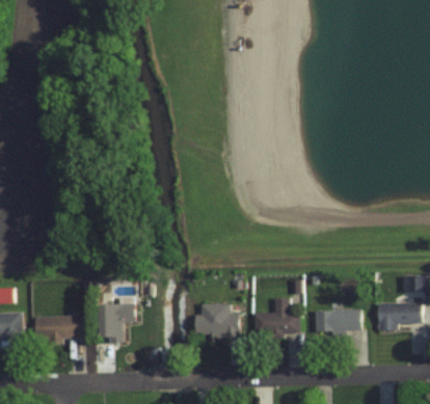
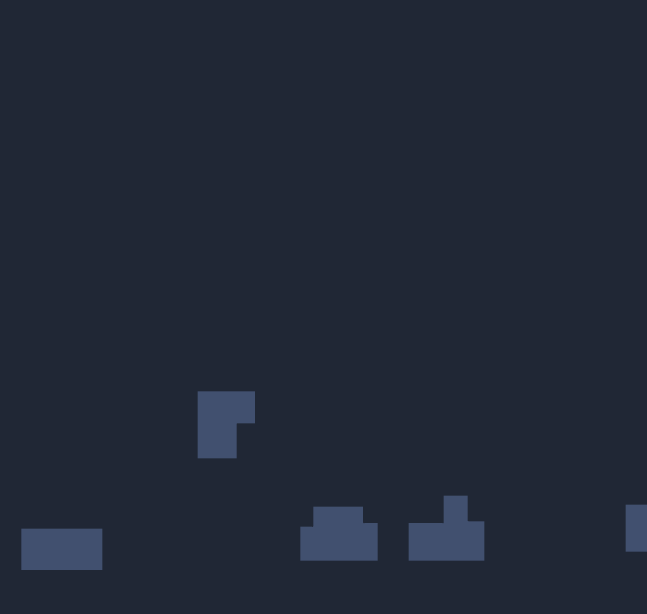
building: [100,304,133,343] -> [197,391,256,459]
building: [315,311,360,332] -> none

